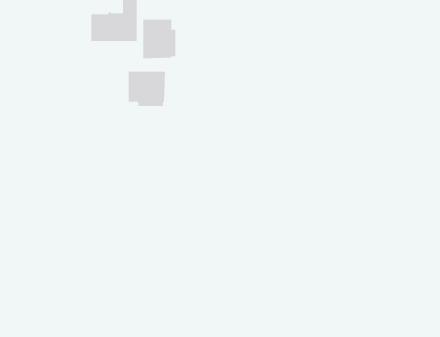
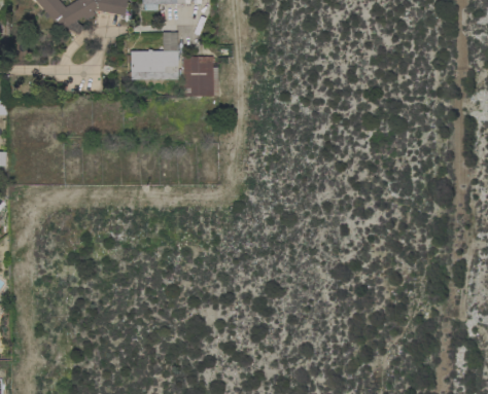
building: [128,71,165,107] -> none

